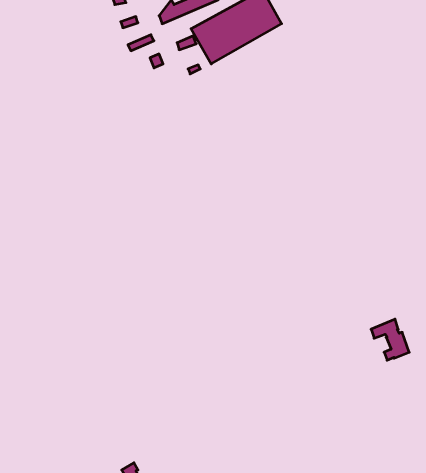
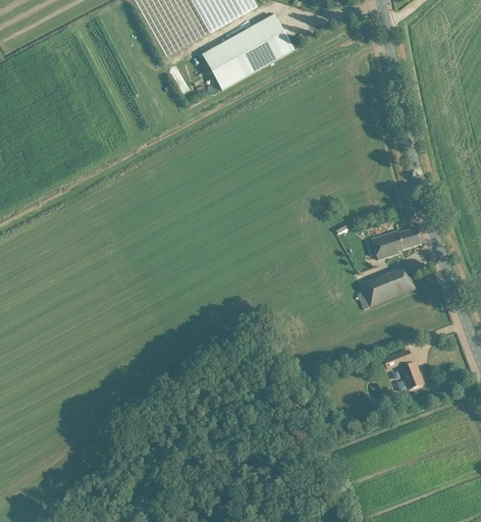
building: none -> [371,226,421,259]
building: none -> [355,267,416,310]

